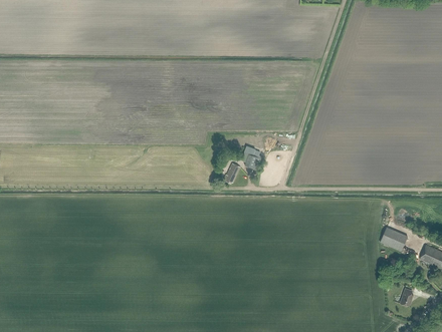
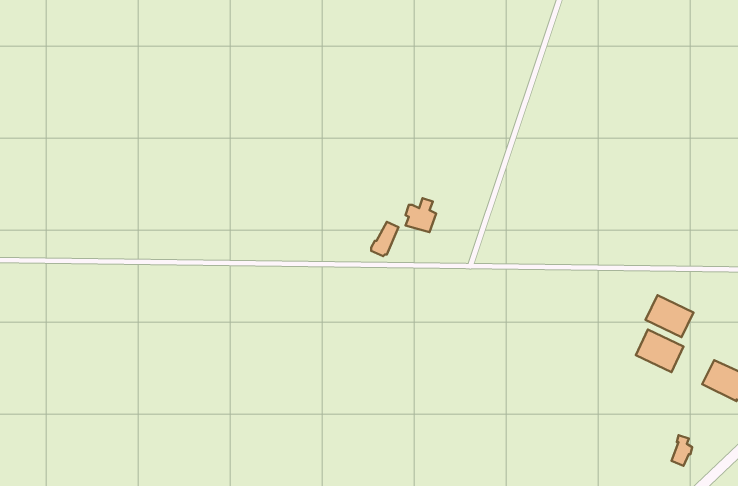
building: none -> [645,295,693,337]

